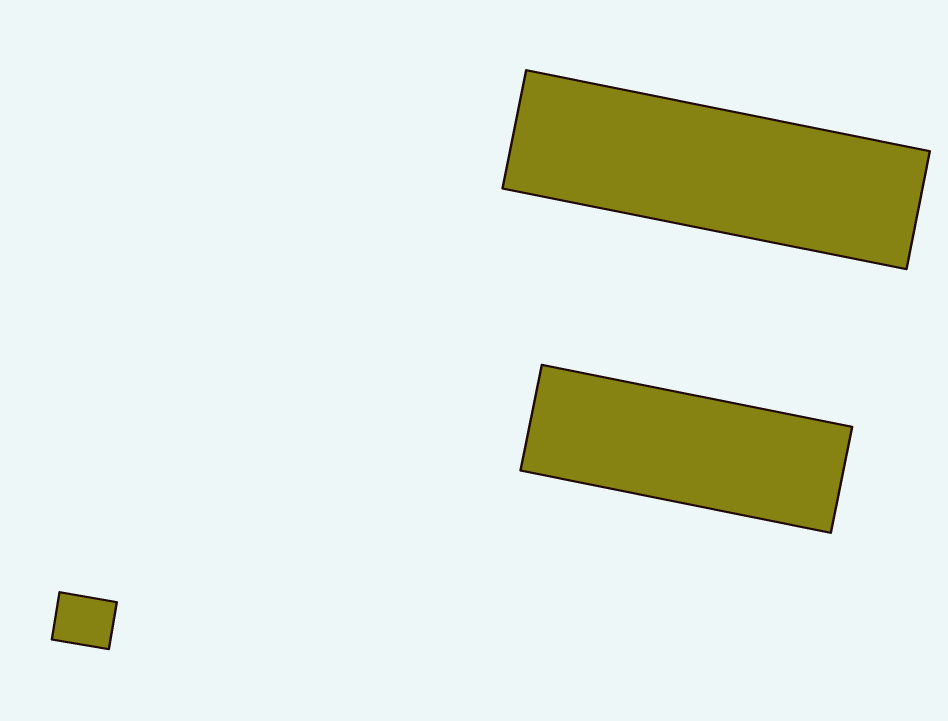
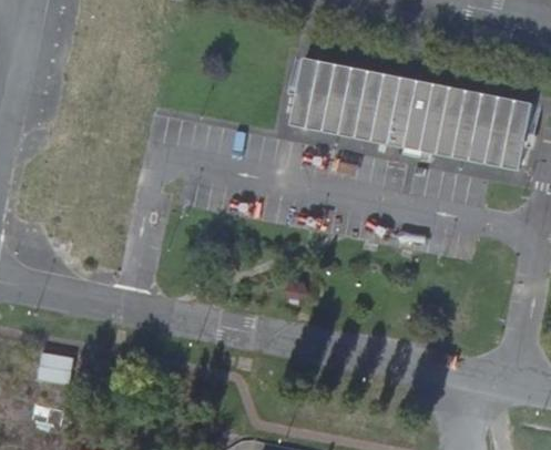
building: [521,365,852,533] -> none

